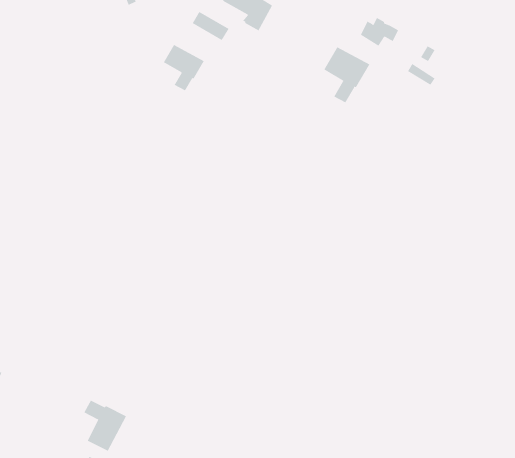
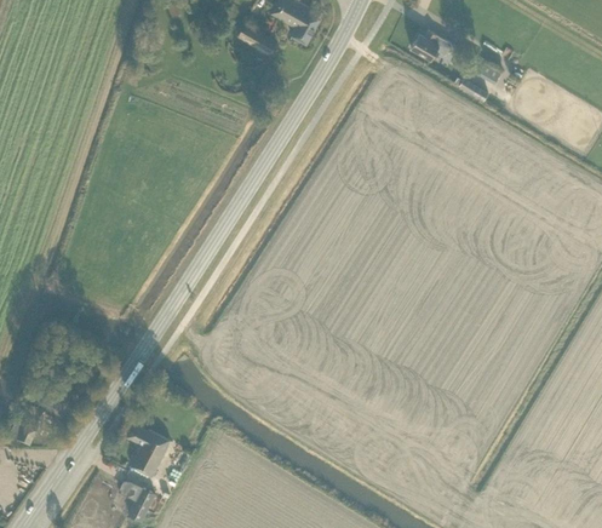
building: [163,44,204,91] -> none
building: [323,46,370,103] -> none

